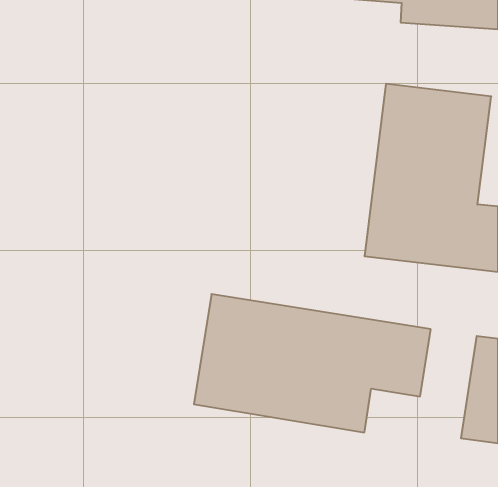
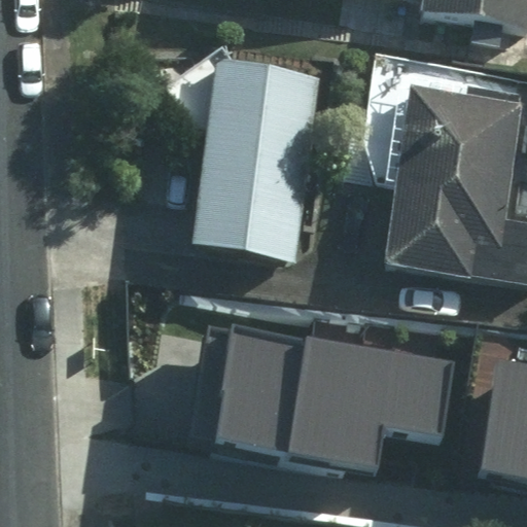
building: none -> [190,61,319,265]

